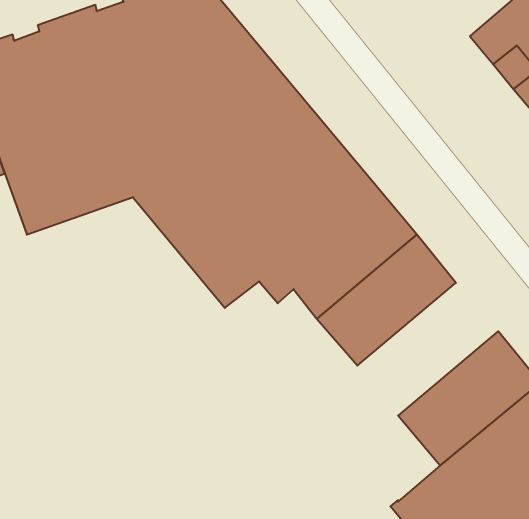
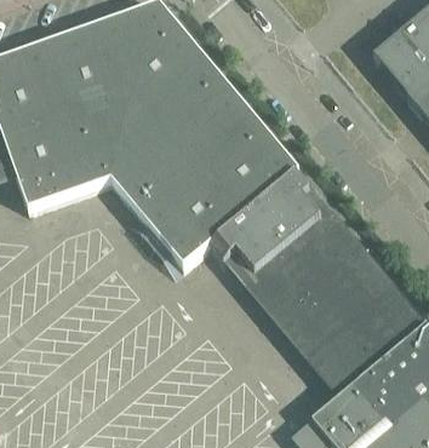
building: none -> [286,246,395,349]

